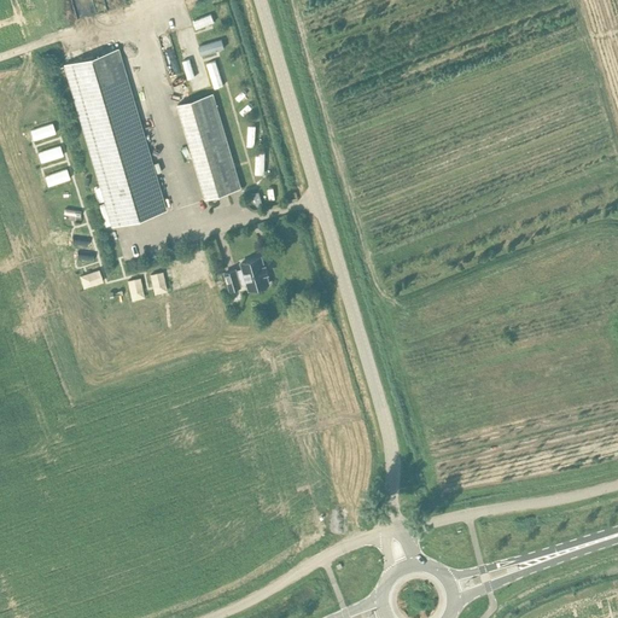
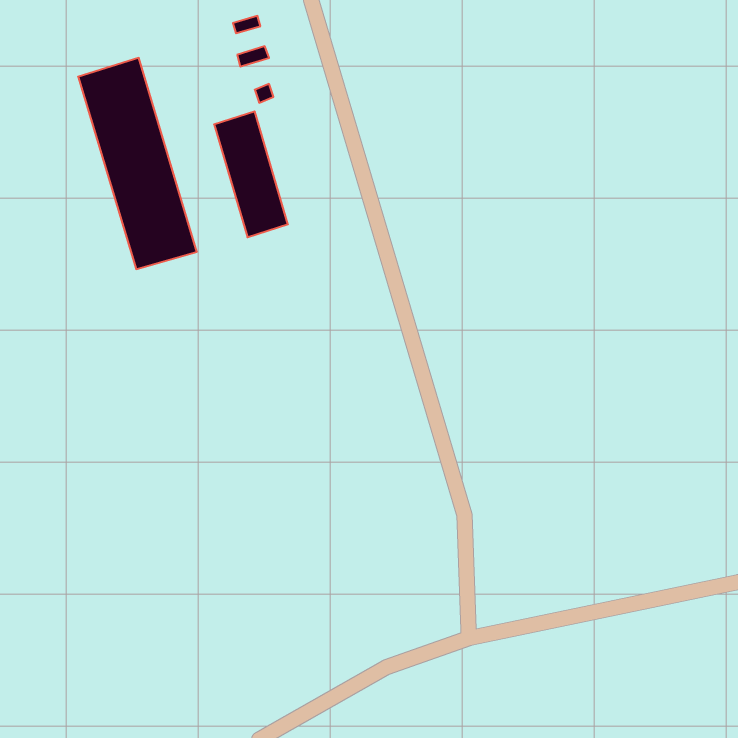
building: [227,258,270,291] -> none

